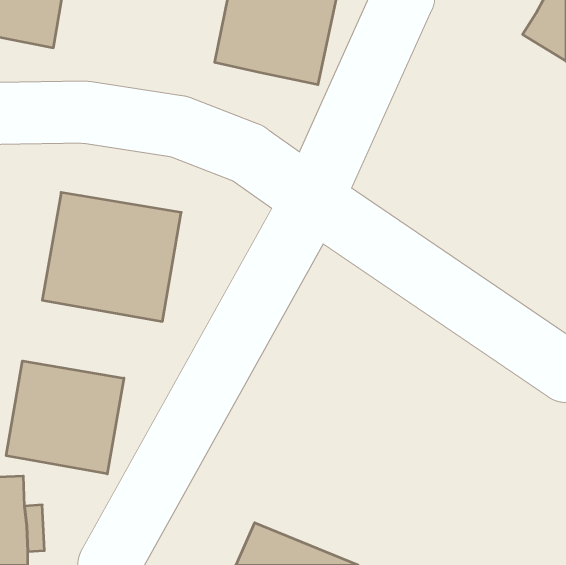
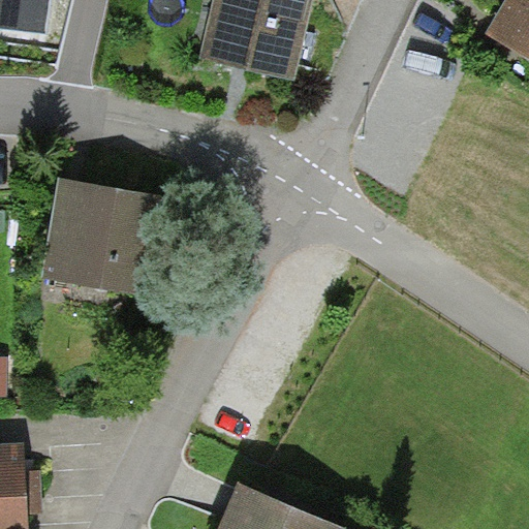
building: [6,361,124,474] -> none

